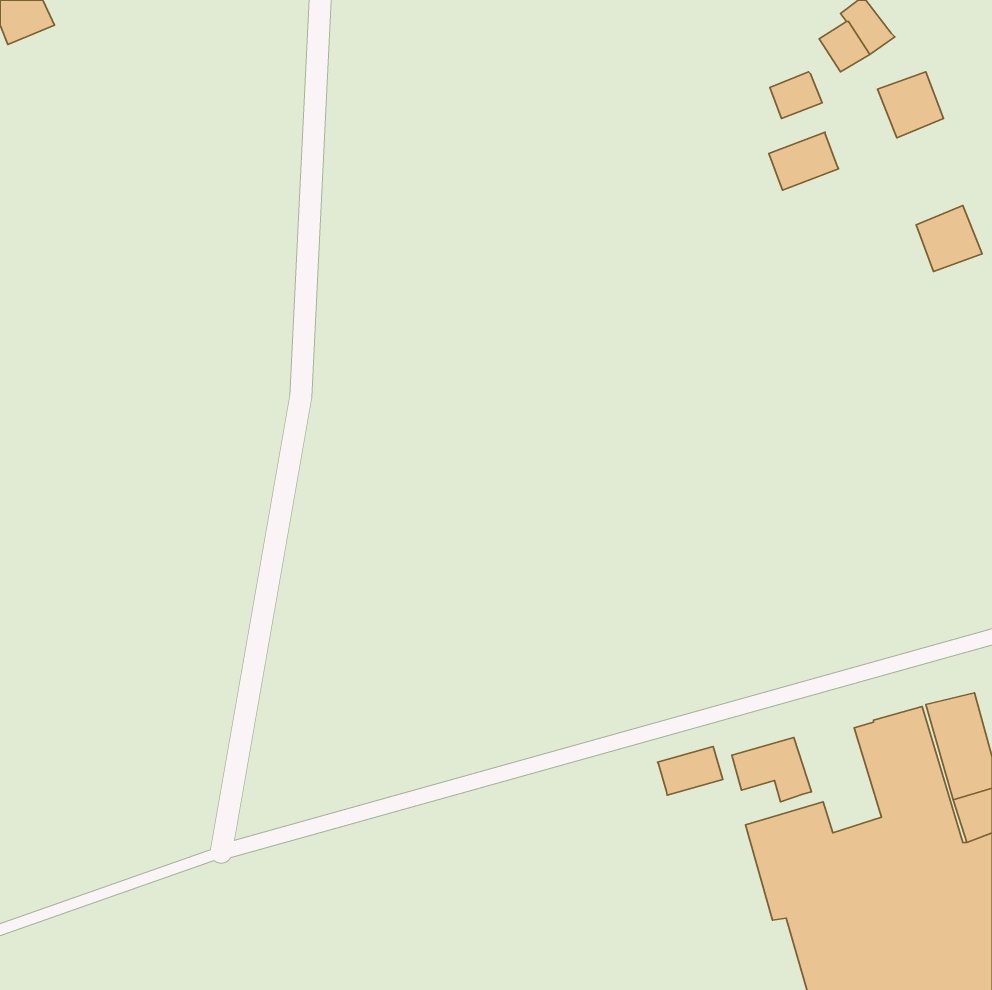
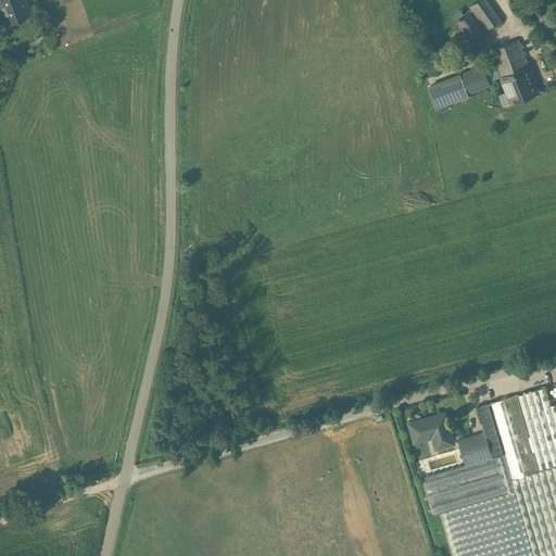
building: [770,72,822,118] -> [462,67,491,93]
building: [916,205,982,271] -> [502,67,539,104]
building: [658,747,723,795] -> none
building: none -> [458,433,493,467]

